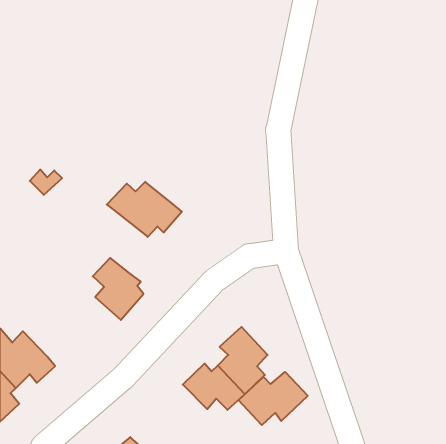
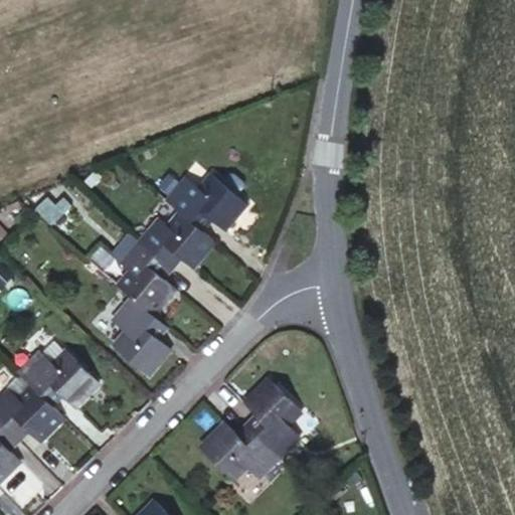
building: none -> [154,171,238,237]
building: none -> [109,238,176,319]
building: none -> [14,348,99,413]
building: [238,372,308,425] -> none

